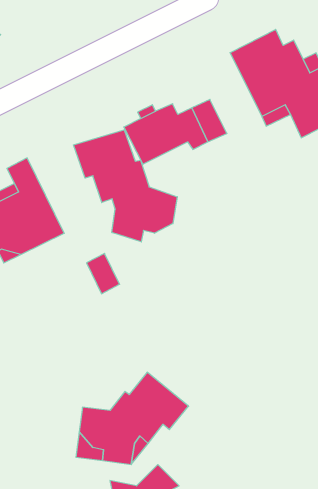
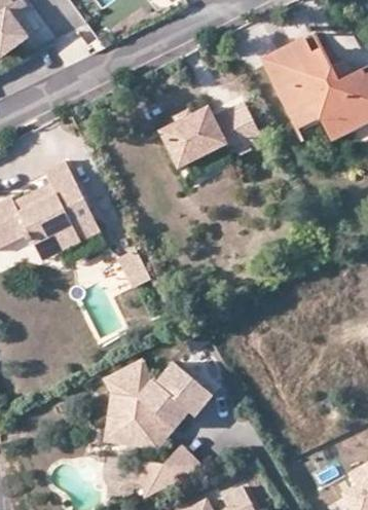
building: [73,130,177,242] -> none
building: none -> [106,358,157,402]

